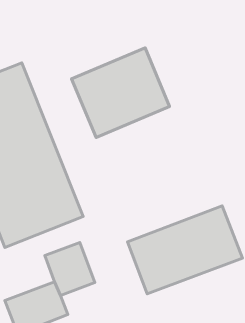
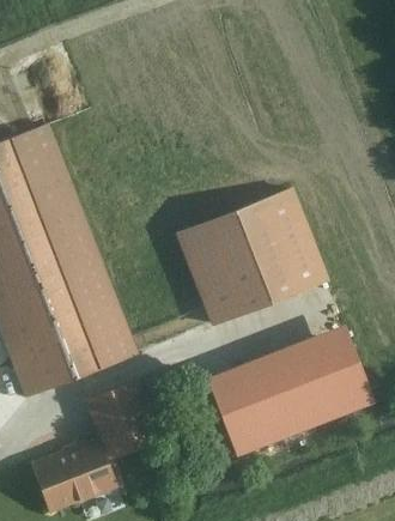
building: [71,48,170,138] -> [183,180,327,311]

